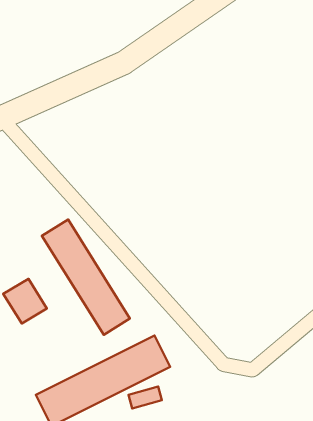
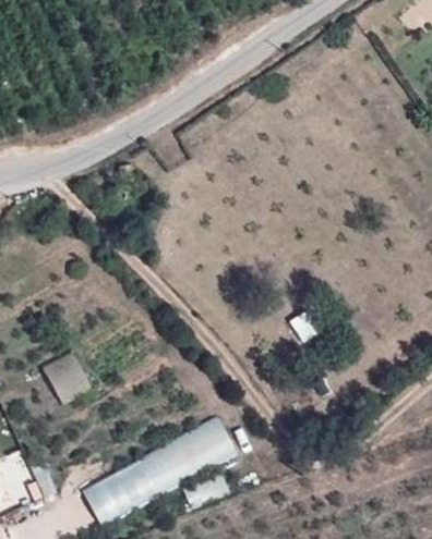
building: [42,219,130,335] -> none

